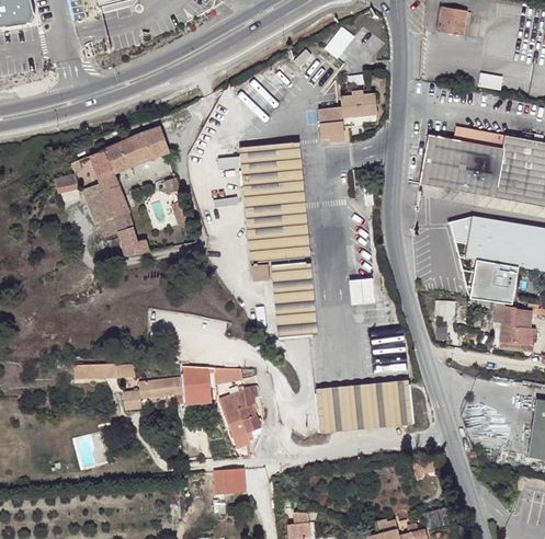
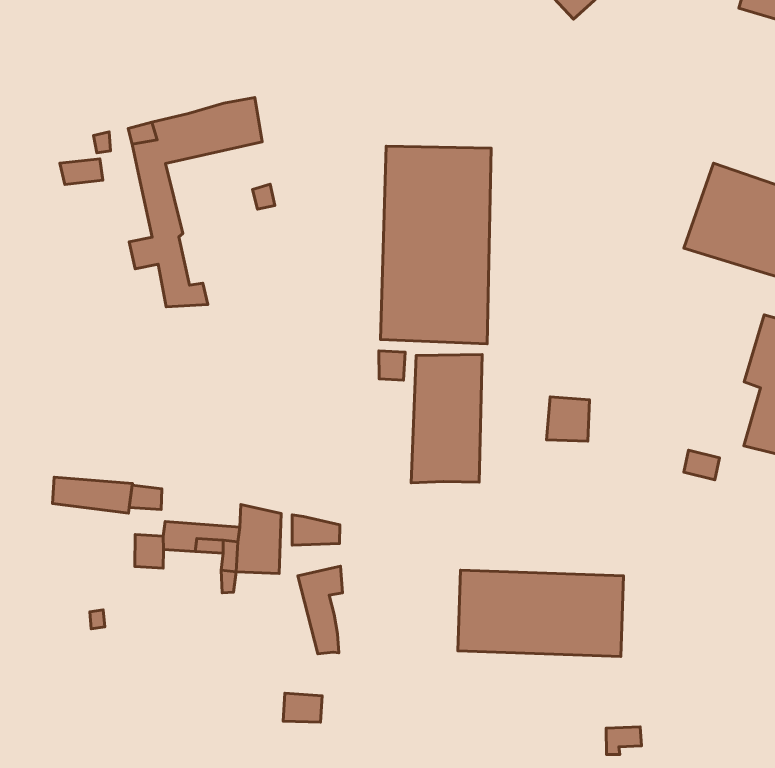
building: [320,93,378,141] -> none
building: [80,182,111,222] -> none
building: [447,216,476,294] -> none
building: [240,386,261,433] -> none

